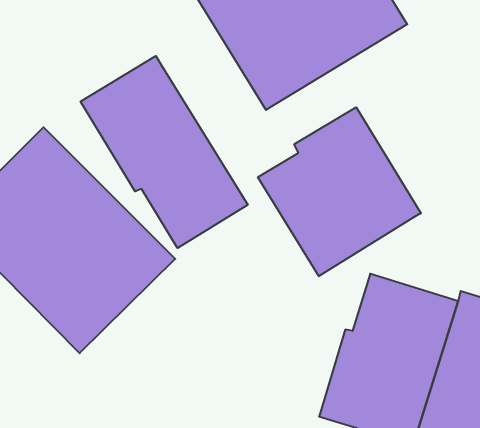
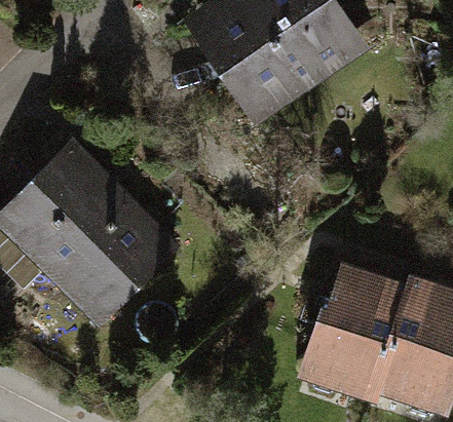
building: [81,56,248,248] -> none
building: [258,107,421,276] -> none

